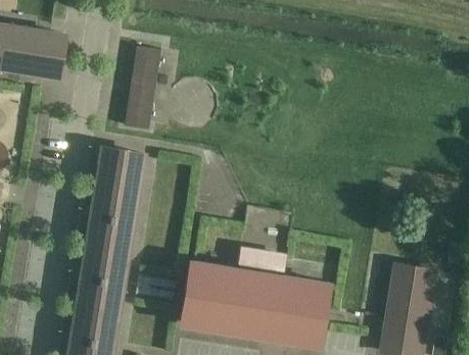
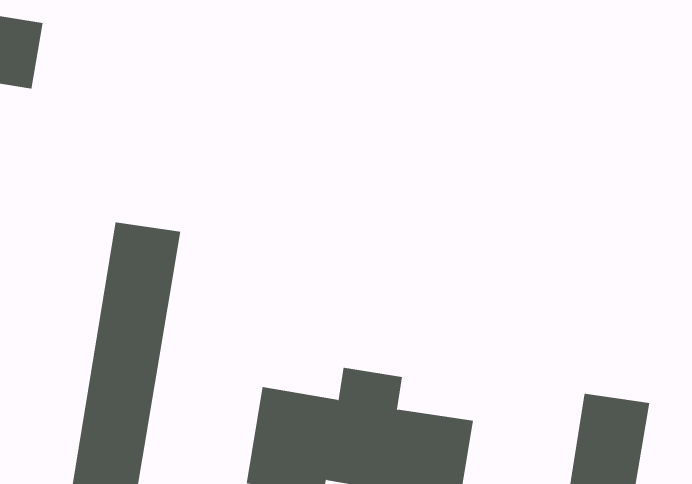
building: [124,48,161,132] -> none

